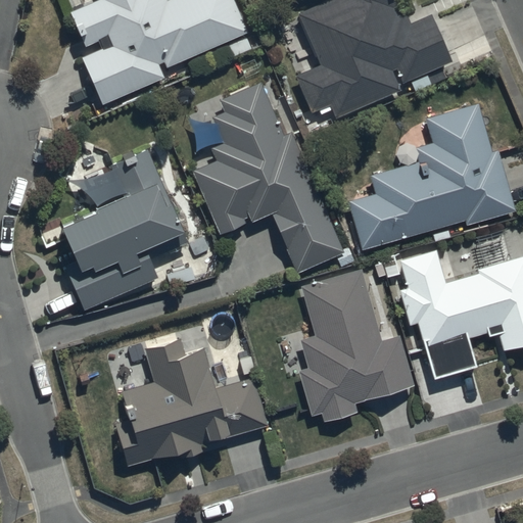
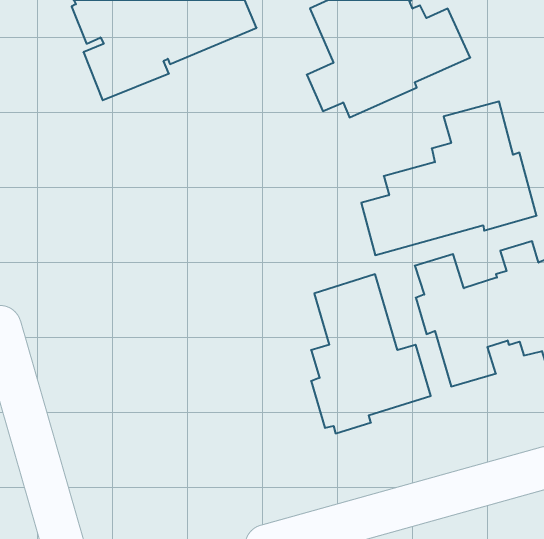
building: [192,82,353,271] -> none
building: [58,147,188,308] -> none
building: [114,338,269,466] -> none

